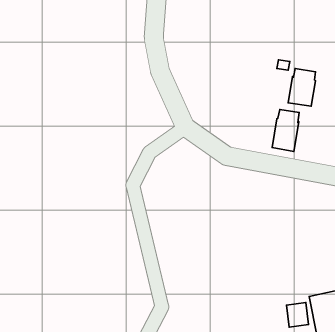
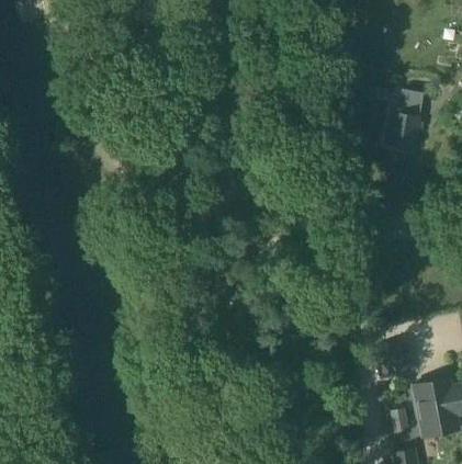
building: [272,109,299,152] -> none

